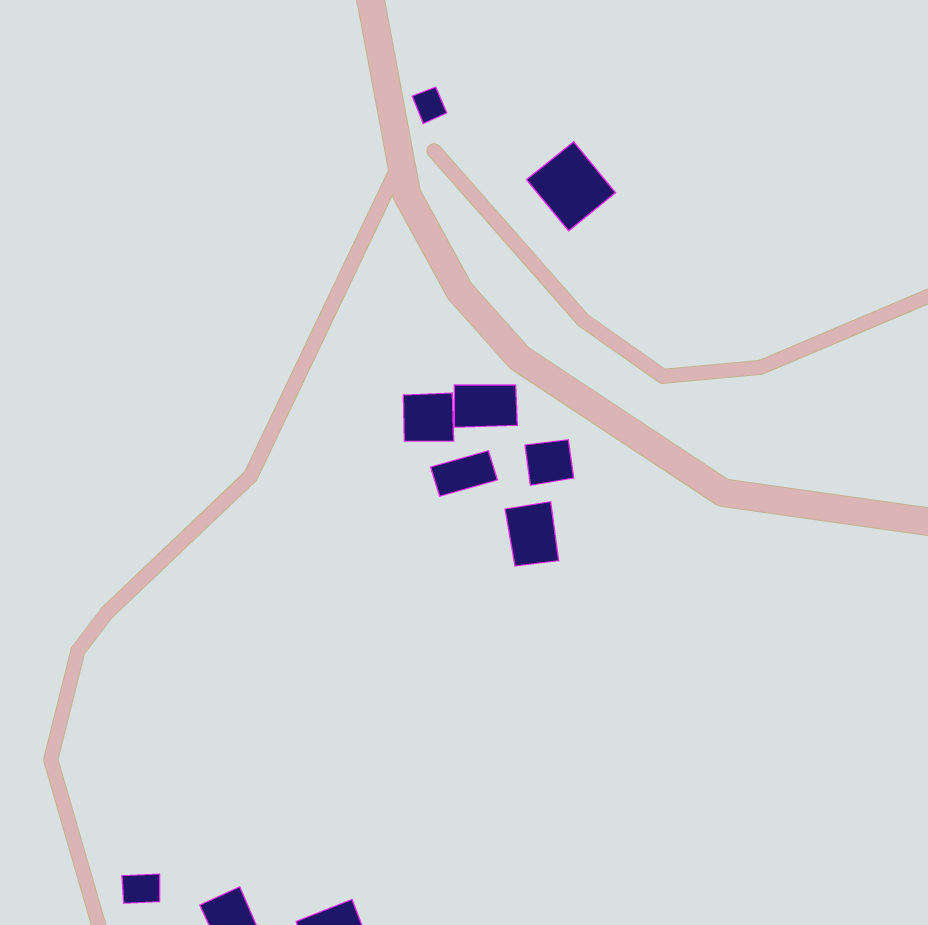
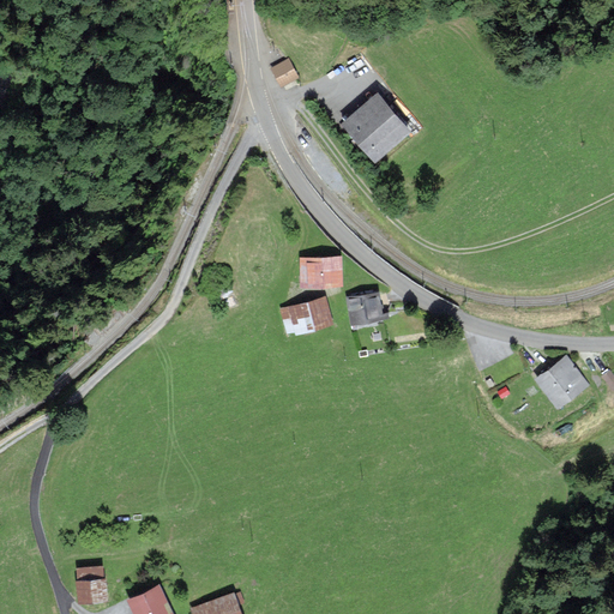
building: [404,393,454,441] -> none
building: [505,502,559,566] -> none
building: none -> [538,357,588,407]

